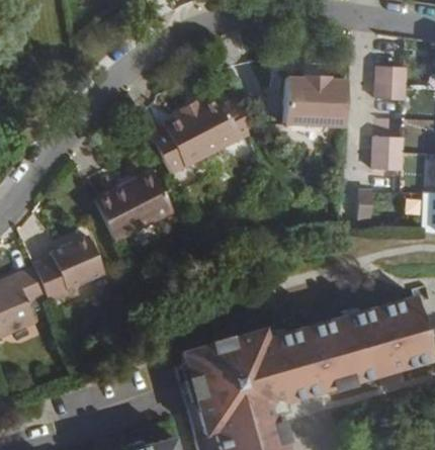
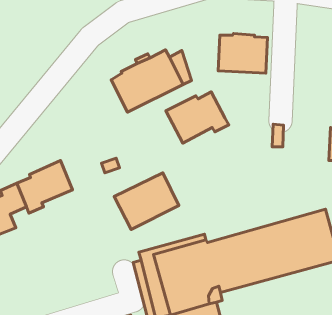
building: [375,68,405,100] -> none
building: [371,138,402,170] -> none
building: none -> [166,92,229,143]
building: [92,170,173,241] -> [114,173,179,230]

